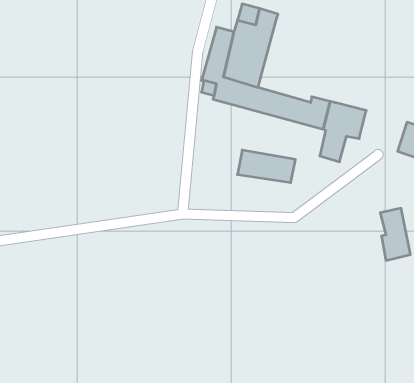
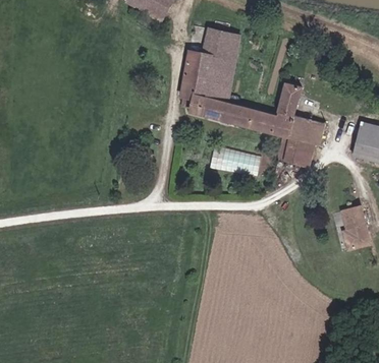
building: none -> [276,81,303,113]

